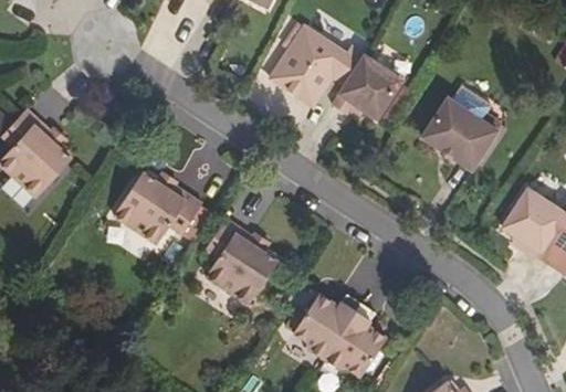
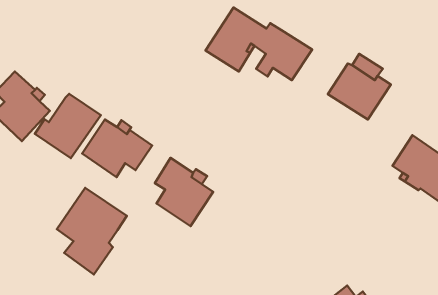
building: none -> [35,94,101,158]
building: none -> [57,188,127,274]
building: [291,293,385,378] -> none

